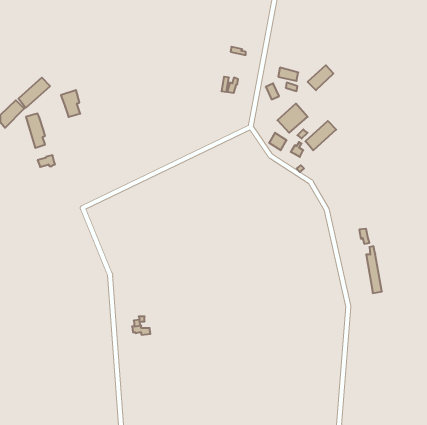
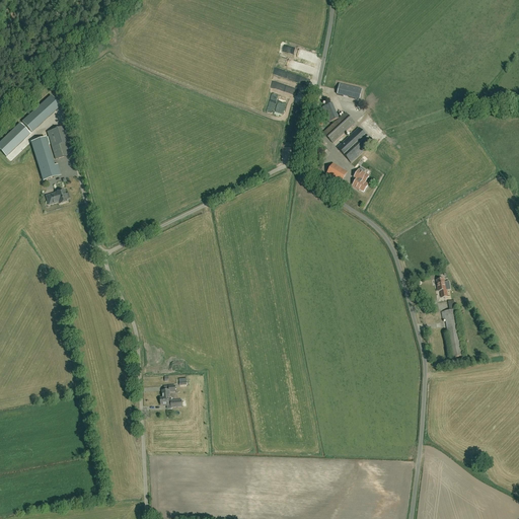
building: [308,65,333,90] -> [323,112,355,142]
building: [61,90,80,117] -> [47,125,70,157]
building: [305,121,336,150] -> none

